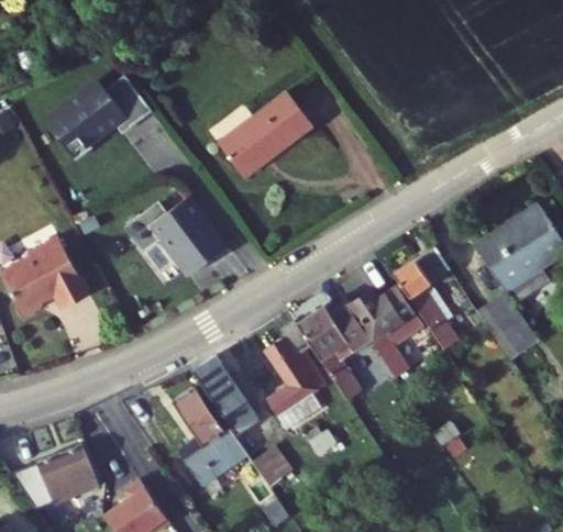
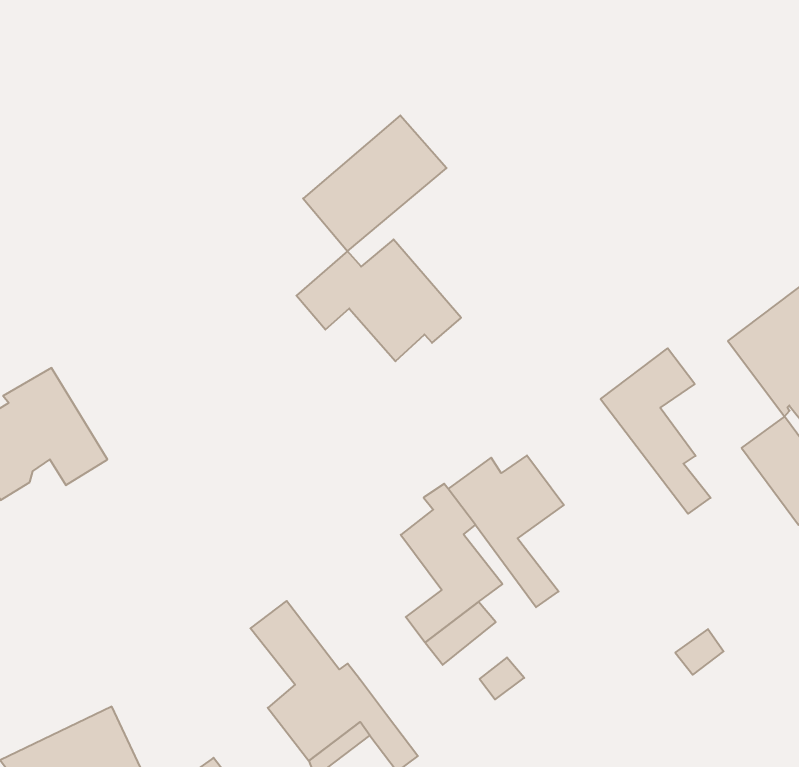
building: [49,76,155,160] -> none
building: [128,196,228,270] -> [296,239,461,361]
building: [350,287,424,379] -> none
building: [191,357,258,437] -> none
building: [251,444,292,487] -> none

